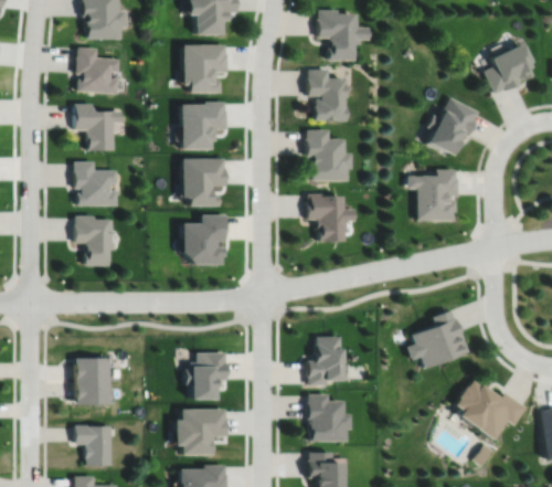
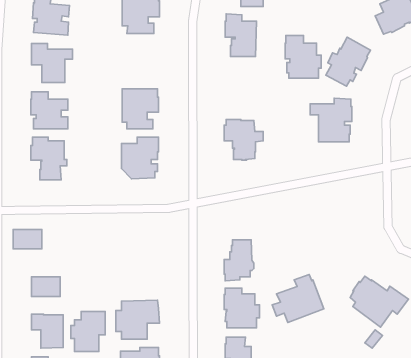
building: [181,102,227,149] -> none
building: [305,129,348,180] -> [285,36,321,78]
building: [405,311,467,369] -> [272,274,324,323]
building: [185,353,226,401] -> [71,312,105,351]
building: [75,359,109,382] -> [13,229,42,249]

